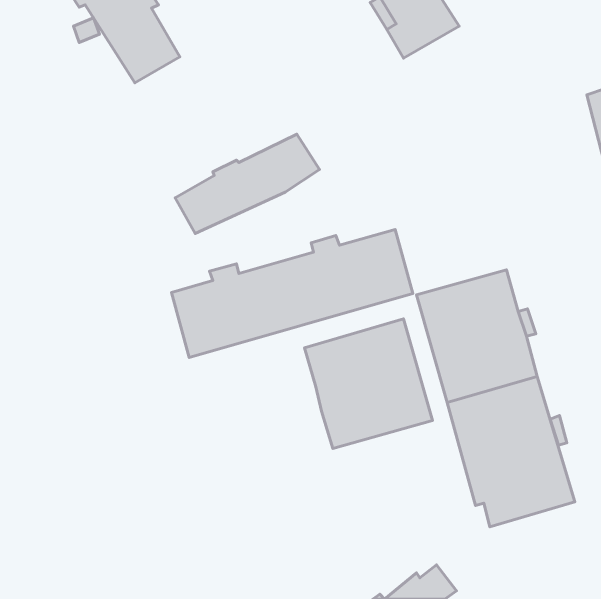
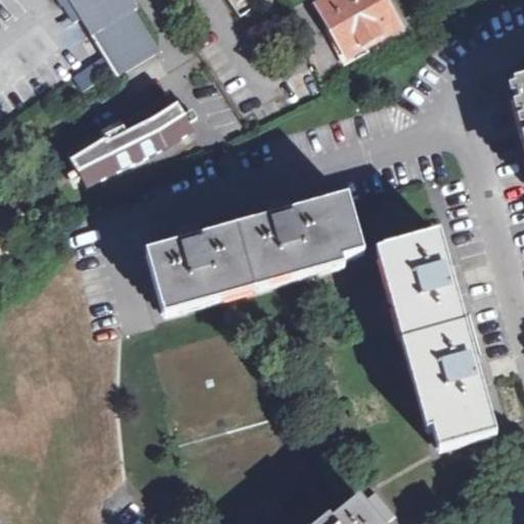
building: [175,134,319,233] -> [72,97,196,183]
building: [305,319,433,449] -> none

